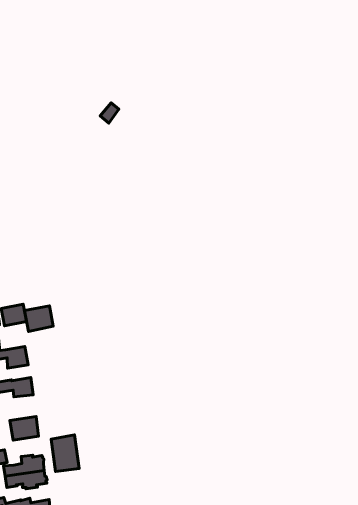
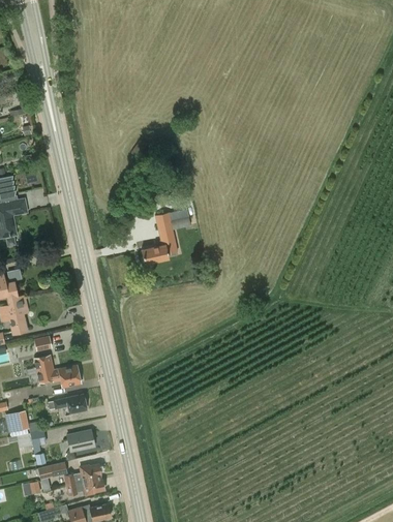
building: none -> [140,209,188,264]
building: [24,306,53,332] -> none
building: [51,435,79,471] -> none

